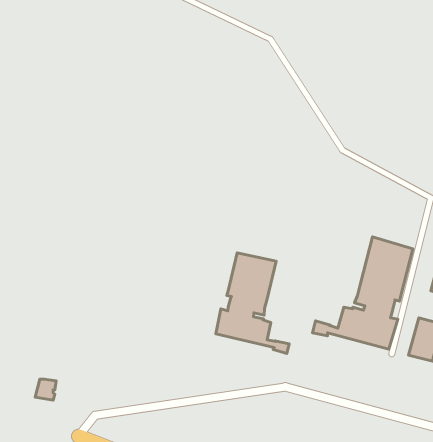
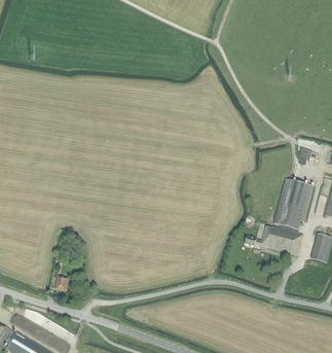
building: [216,253,289,354] -> none

